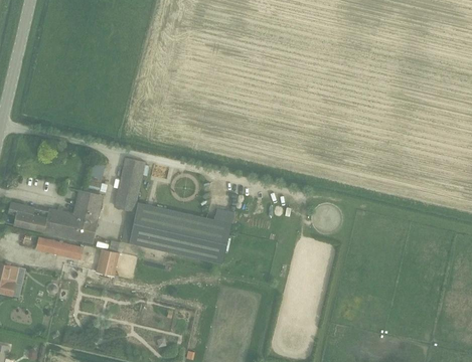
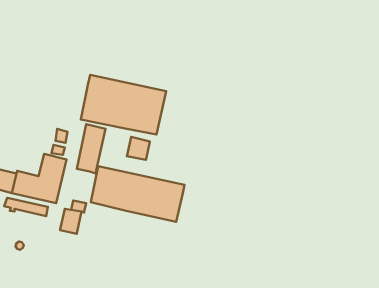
building: none -> [81,75,166,134]
building: none -> [127,137,150,160]

